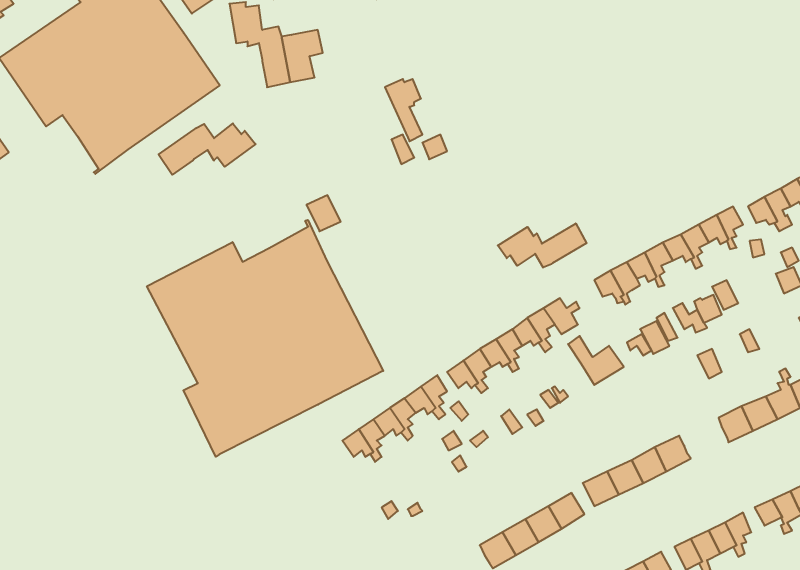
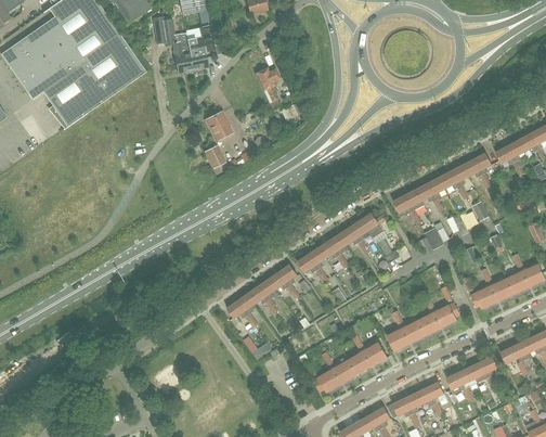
building: [159,123,256,175] -> none
building: none -> [205,111,233,141]
building: [147,220,383,457] -> none
building: [498,223,587,268] -> none

